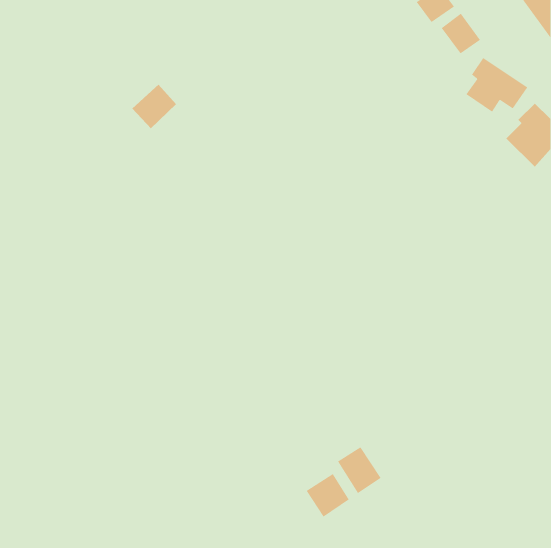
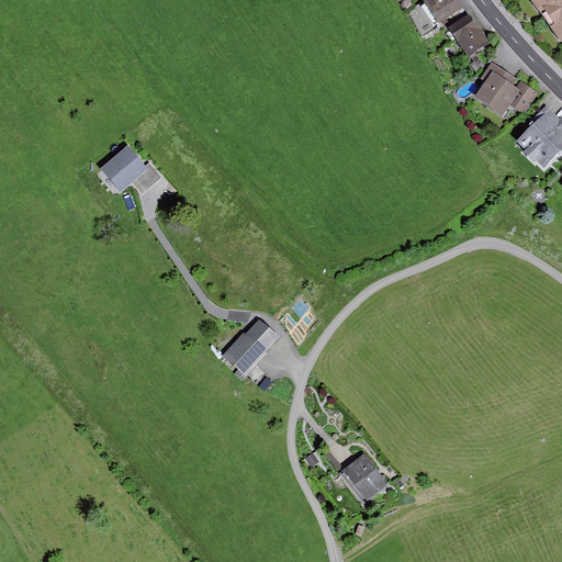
building: [131,84,177,129] -> [100,146,146,192]
building: none -> [225,323,277,376]
building: [306,473,349,517] -> none

